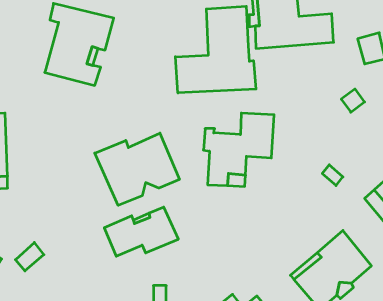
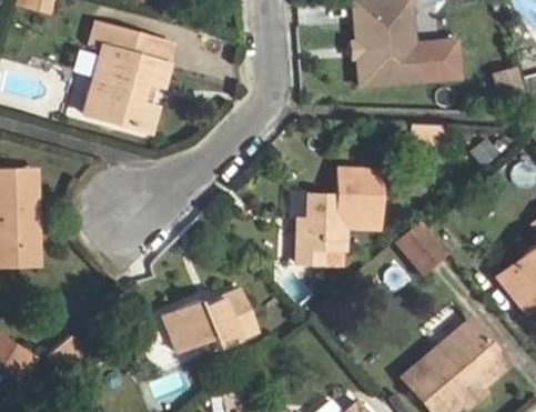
building: [175,6,256,93] -> none
building: [95,133,179,205] -> none
building: none -> [397,225,446,278]

